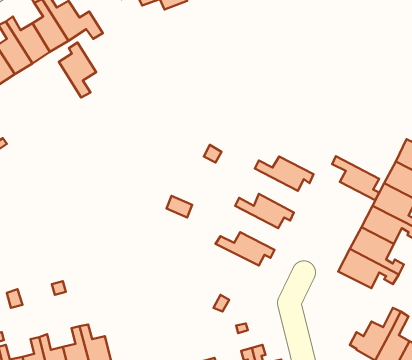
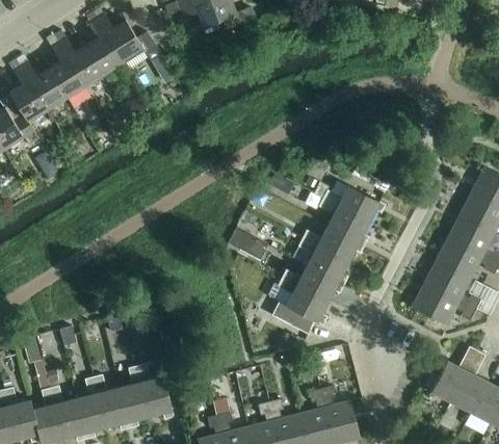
building: [59,43,96,98] -> none
building: [332,156,379,200] -> [318,199,368,245]
building: none -> [297,238,348,285]
building: none -> [271,279,327,335]

